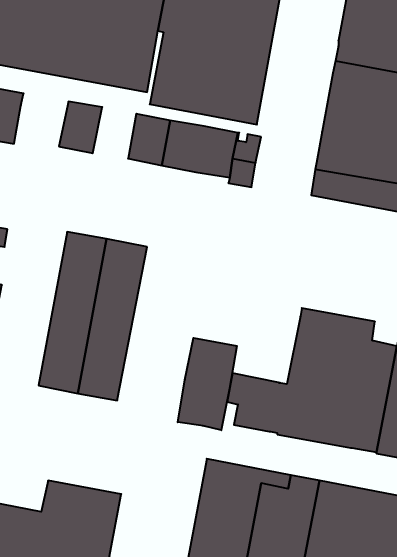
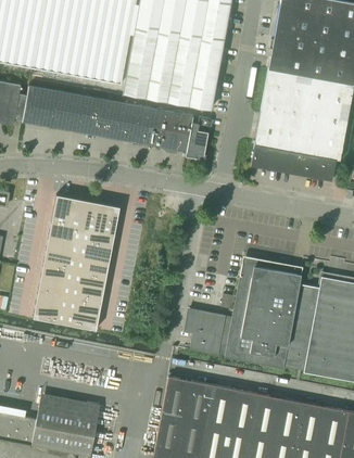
building: none -> [23,86,58,127]
building: none -> [77,96,112,137]
building: [178,338,237,430] -> none

